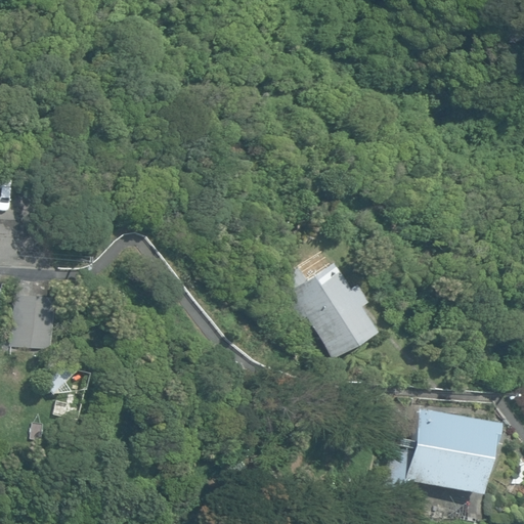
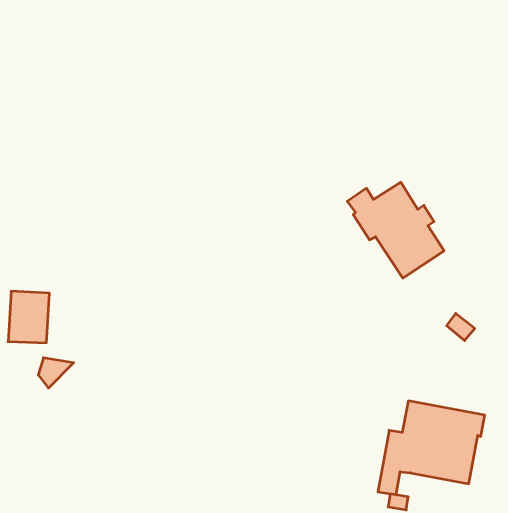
building: [280,263,379,360] -> [347,182,444,278]

